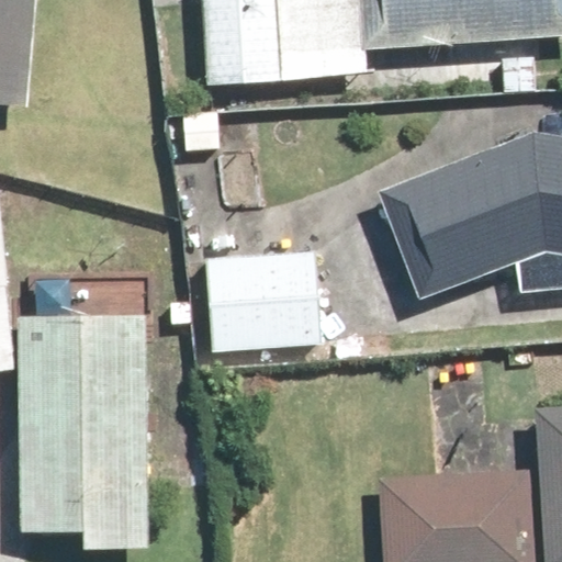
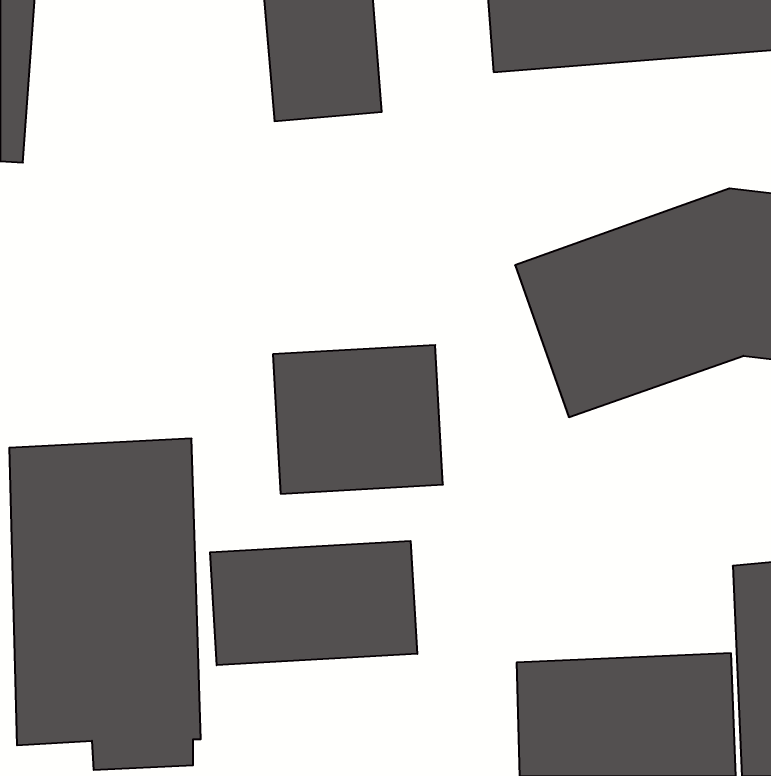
building: none -> [210,541,417,665]

